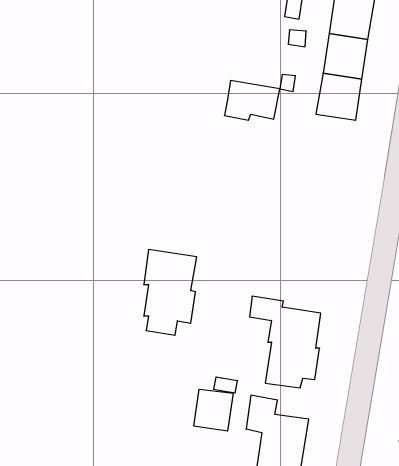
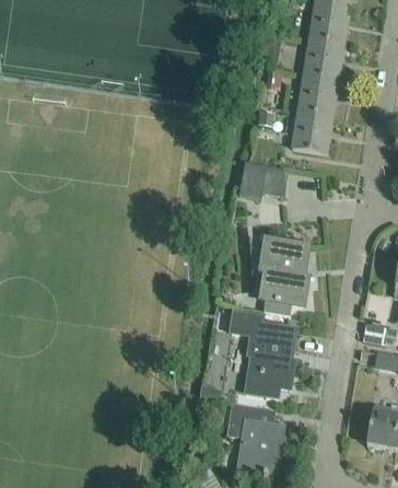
building: [224,81,280,120] -> [238,160,289,196]
building: [144,250,197,335] -> [260,235,308,313]
building: [194,389,233,431] -> none

